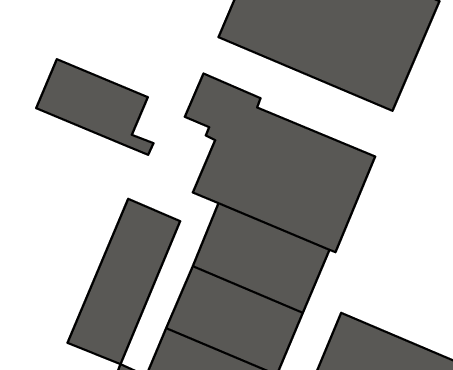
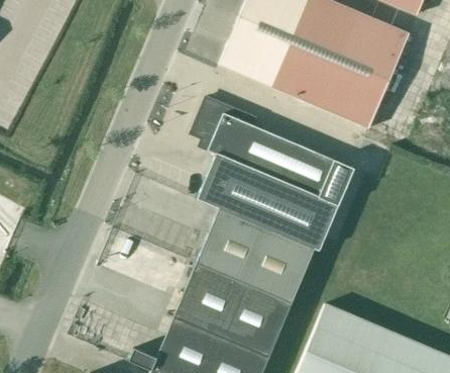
building: [36,59,153,155] -> none
building: [67,199,180,364] -> none

